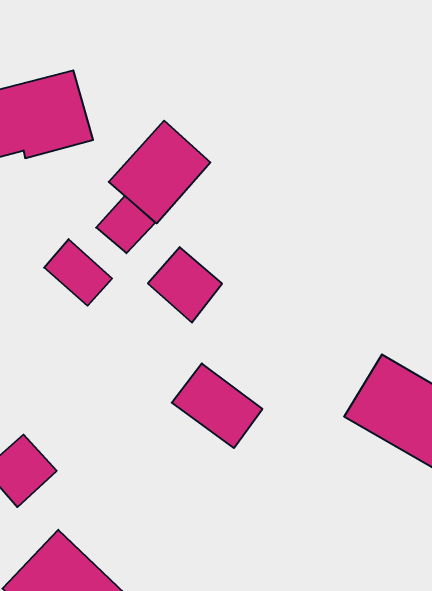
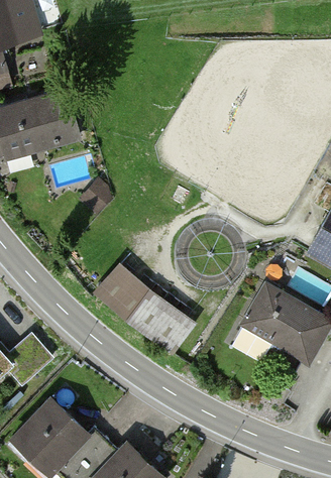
building: [109,121,210,223] -> none
building: [44,239,112,306] -> none
building: [148,247,222,323] -> [97,265,146,316]

